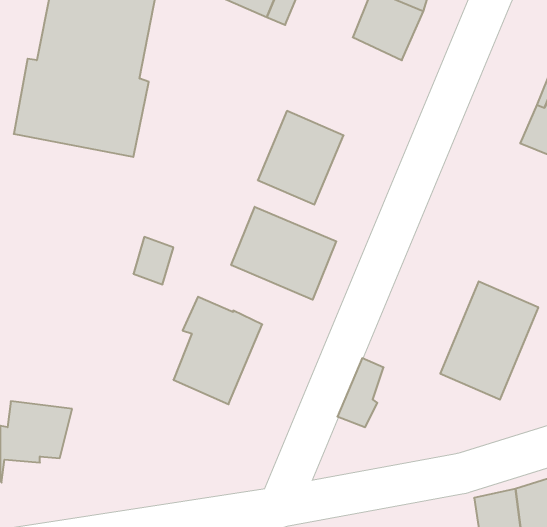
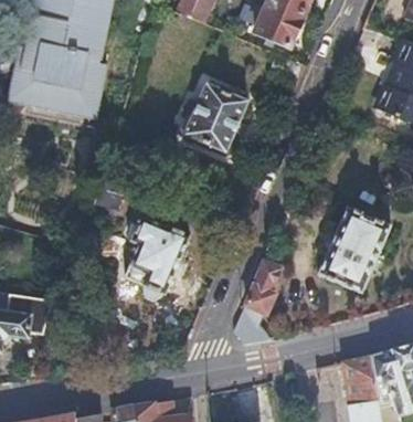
building: [231,207,336,300] -> none

